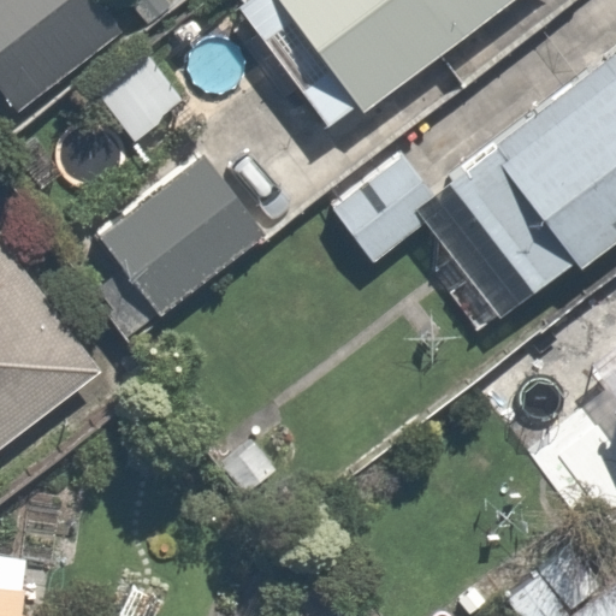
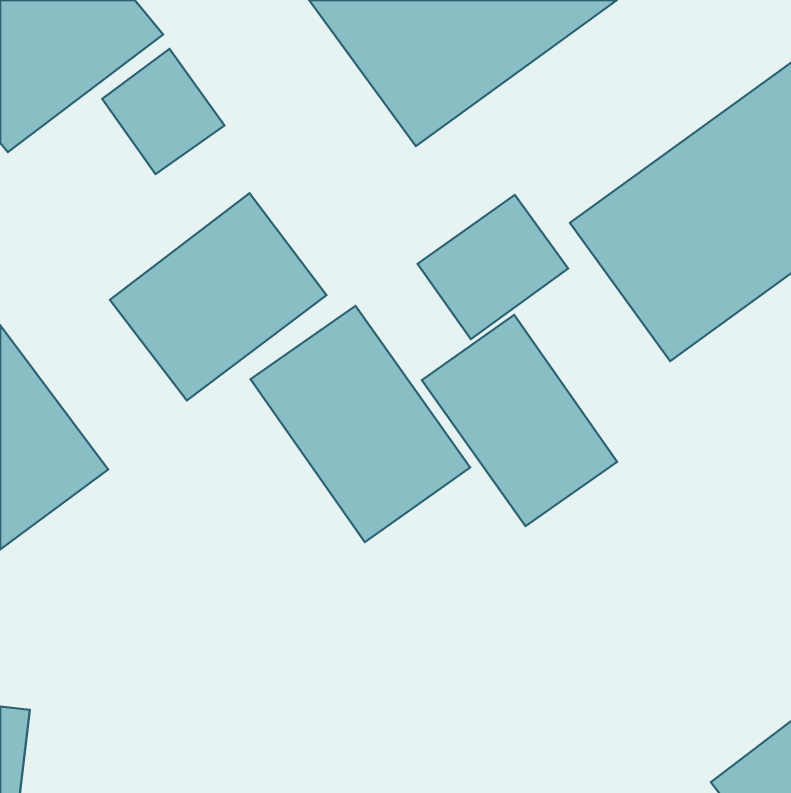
building: none -> [251,306,470,542]
building: none -> [422,315,617,526]

